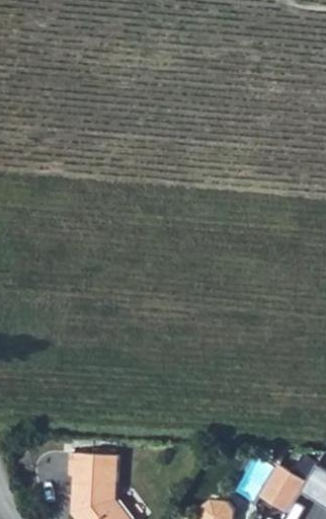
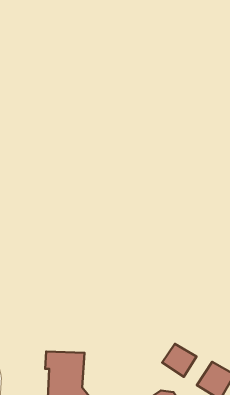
building: none -> [162,344,197,377]

